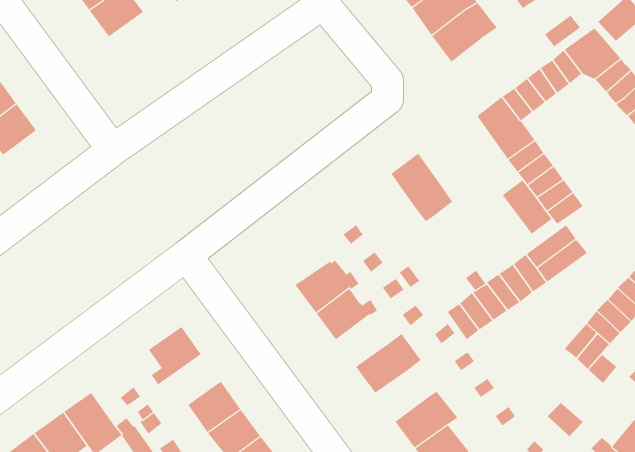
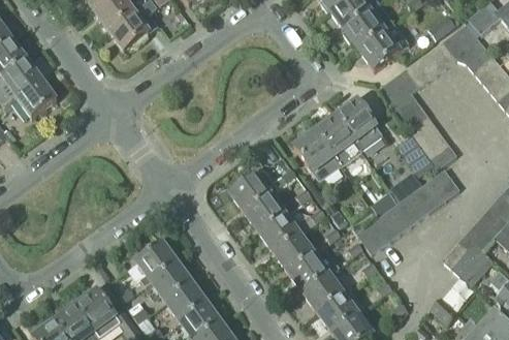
building: none -> [108,11,149,50]
building: none -> [359,23,409,69]
building: none -> [336,99,383,150]
building: none -> [293,130,341,181]
building: none -> [230,174,278,212]
building: none -> [275,234,314,272]
building: none -> [152,262,191,300]
building: none -> [304,274,349,312]

